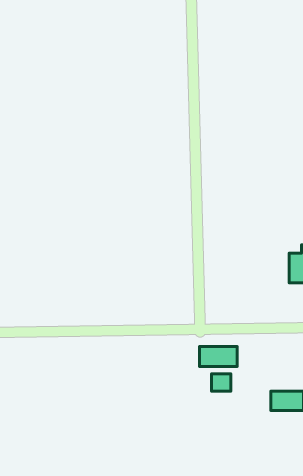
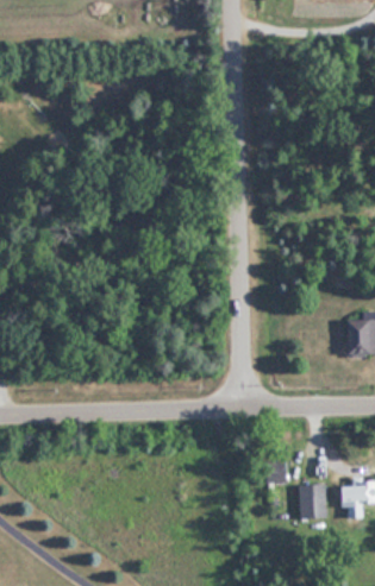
building: [200,347,237,367] -> none
building: none -> [296,485,325,519]

